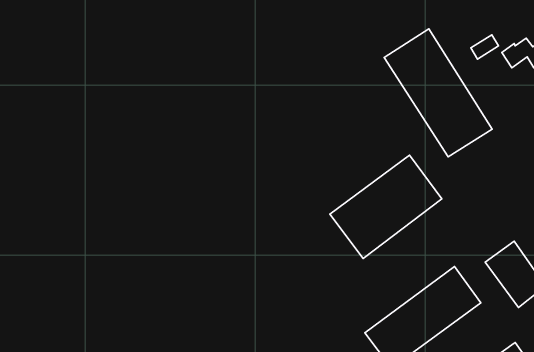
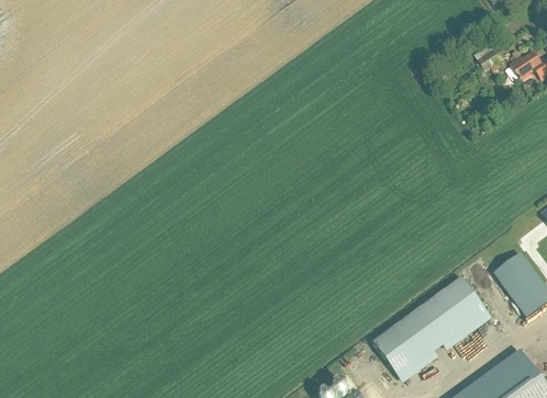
building: [384,29,492,157] -> none
building: [330,155,442,258] -> none

